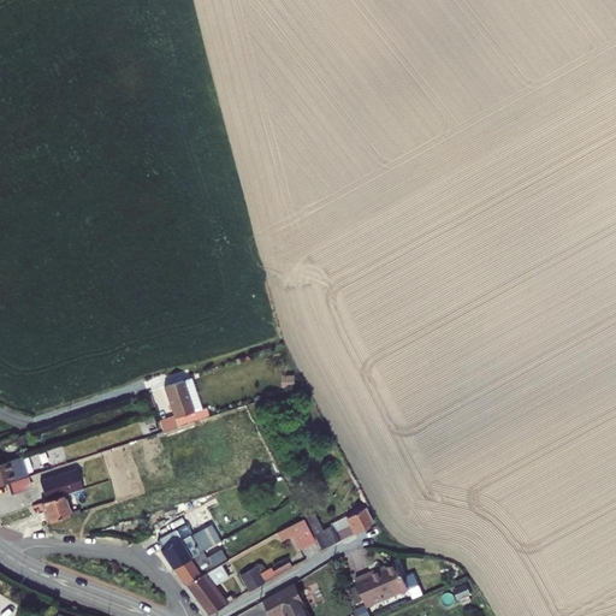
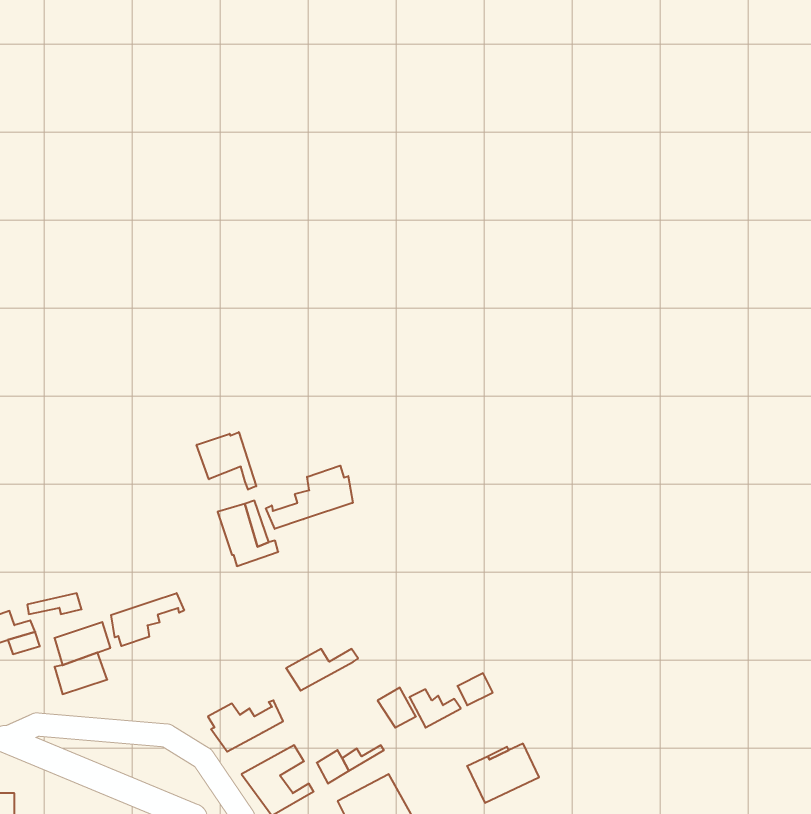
building: none -> [197,432,256,490]
building: none -> [266,466,353,529]
building: none -> [111,593,184,646]
building: [171,553,225,585] -> [286,649,358,691]

